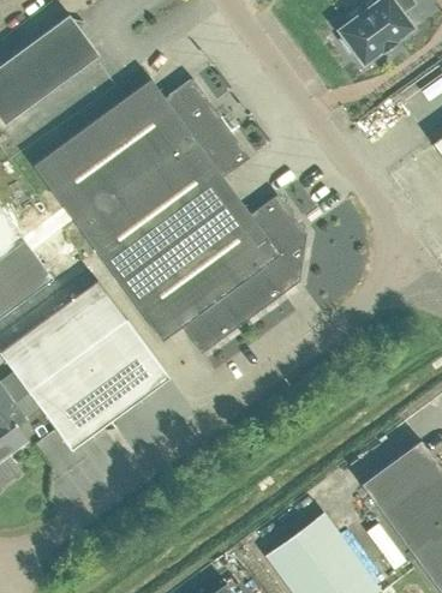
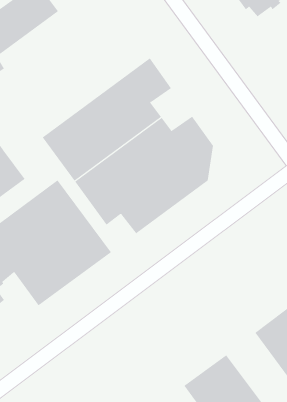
building: [32,79,221,224] -> none

